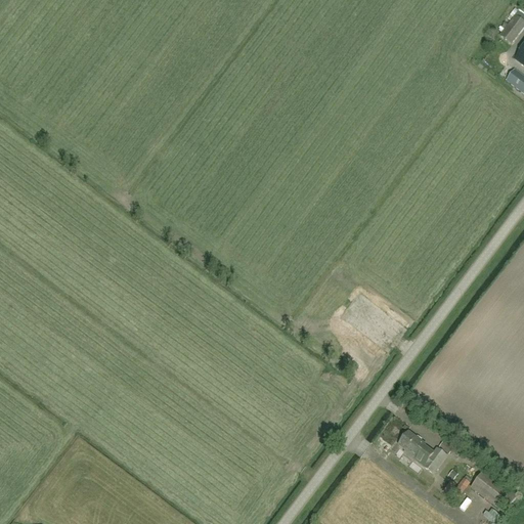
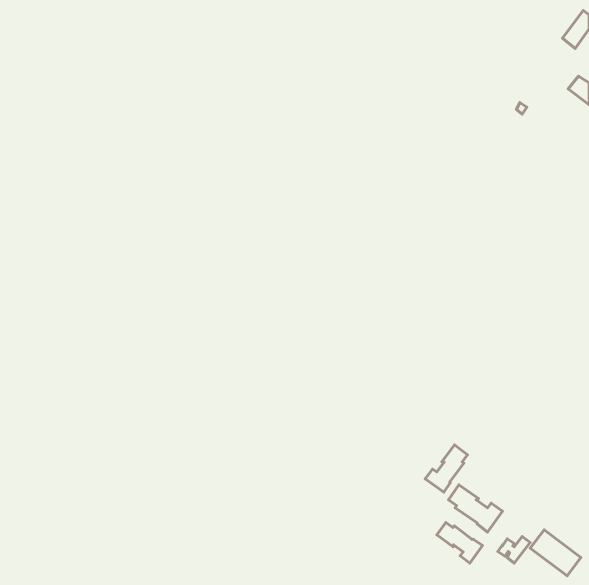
building: none -> [425,445,467,492]
building: none -> [437,522,483,563]

